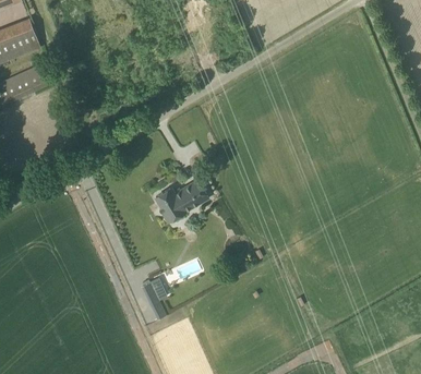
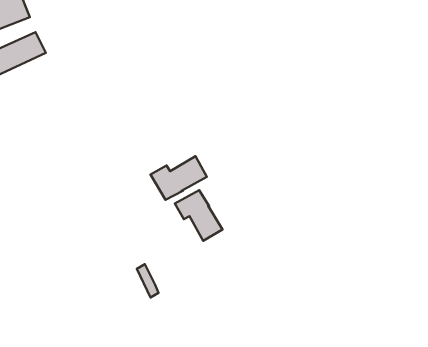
building: none -> [175,190,222,241]

